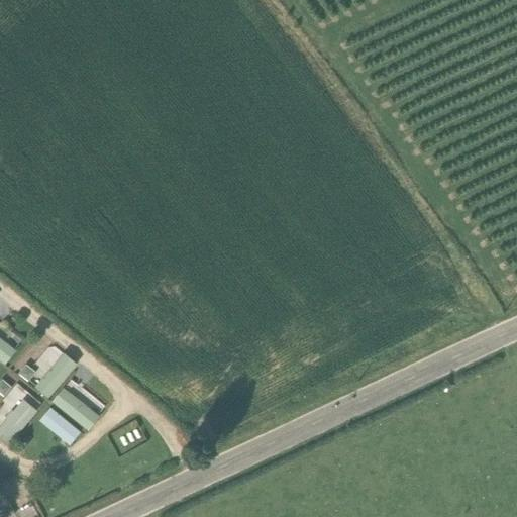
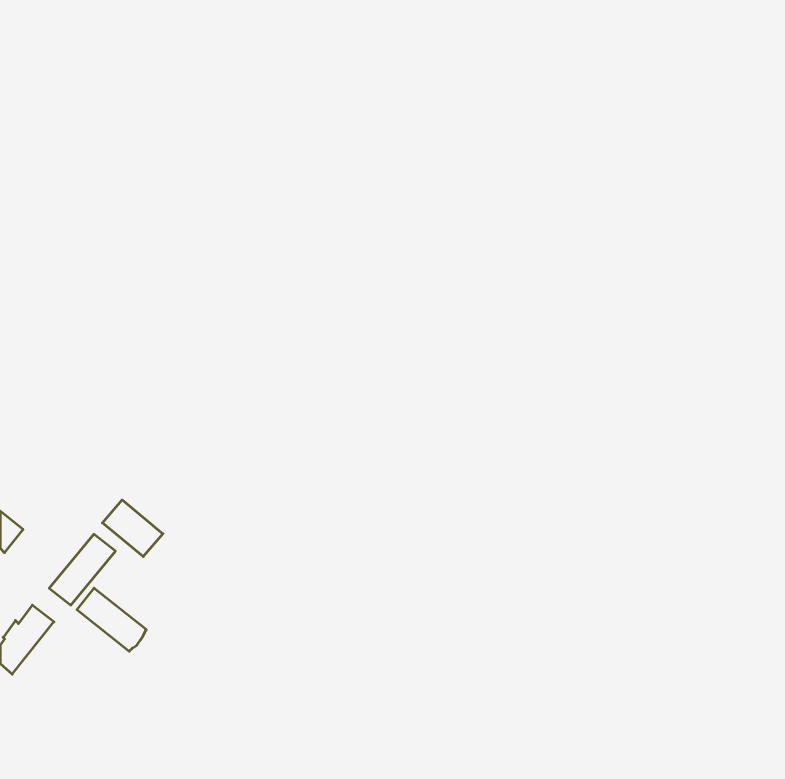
building: none -> [102,500,163,557]
building: [38,405,80,444] -> none

